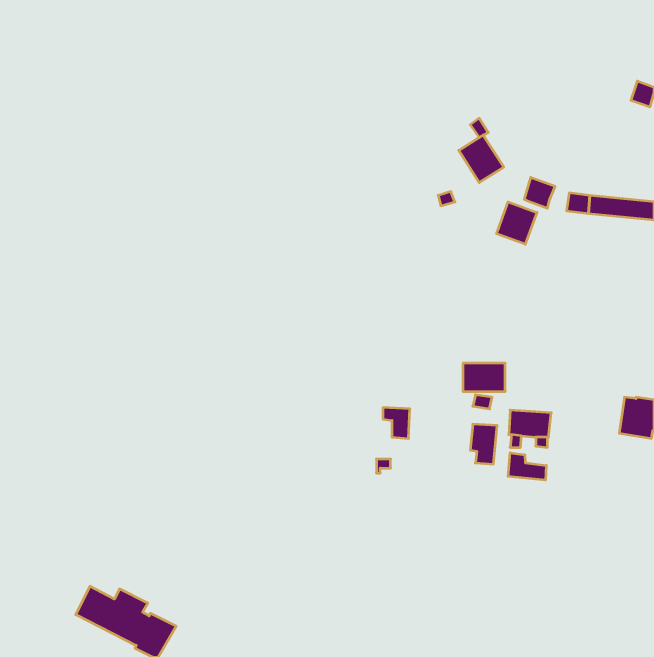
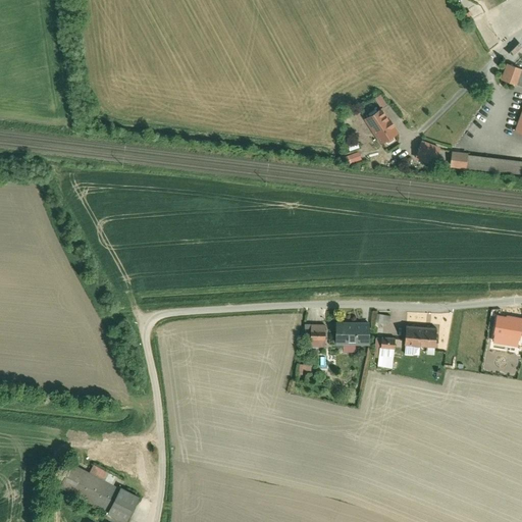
building: [497,202,537,244] -> none
building: [463,363,505,391] -> [335,323,369,346]
building: [508,453,546,480] -> none

